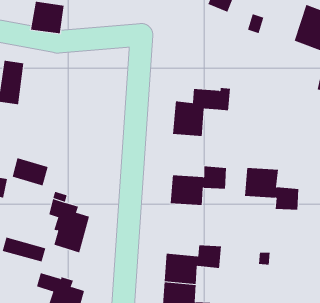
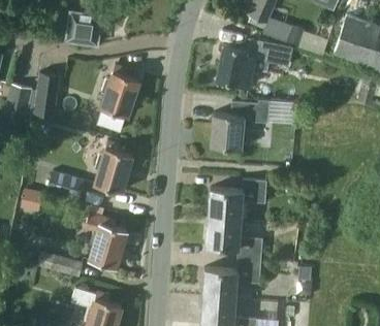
building: none -> [216,39,294,89]
building: none -> [101,66,139,119]
building: none -> [95,142,132,194]
building: [244,168,299,210] -> [207,219,262,262]

